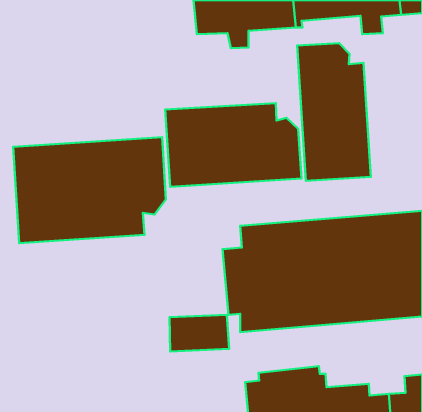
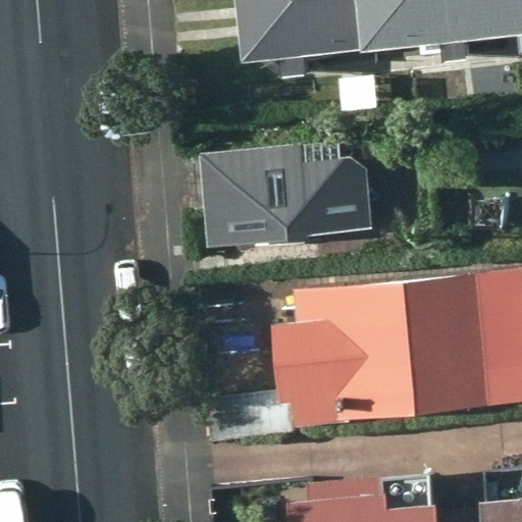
building: [297,43,371,181] -> none
building: [13,137,166,243] -> none

